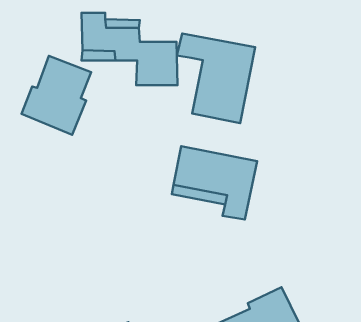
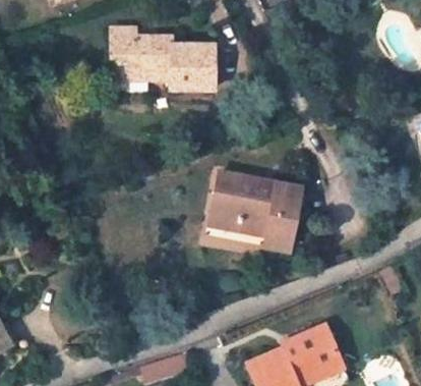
building: [177,33,255,123] -> none
building: [21,56,91,135] -> none

